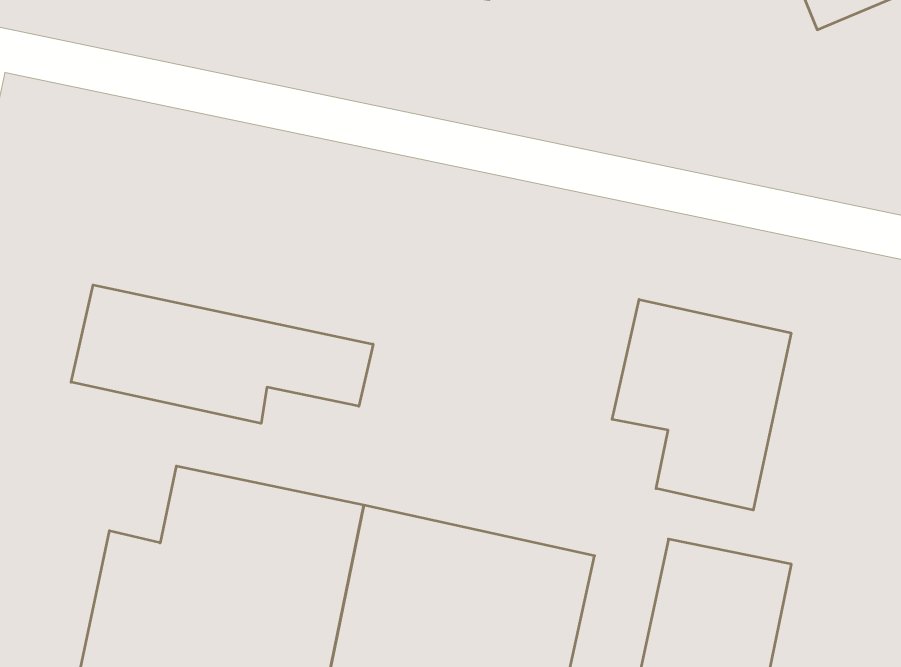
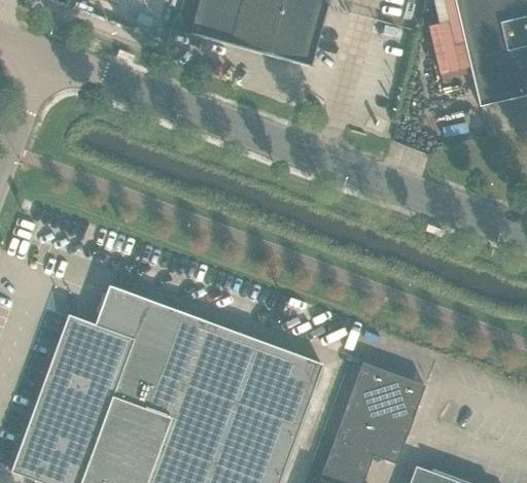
building: [71,285,373,423] -> none
building: [612,299,791,510] -> none

